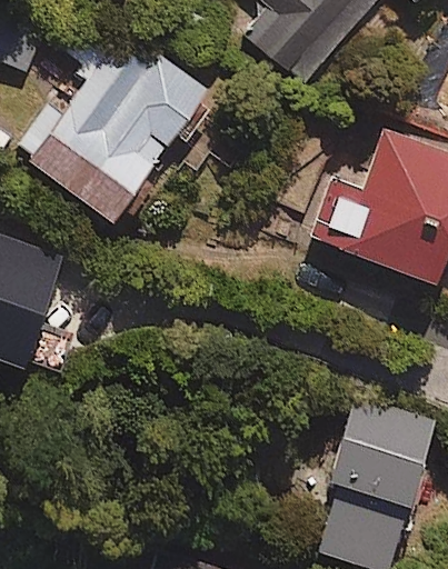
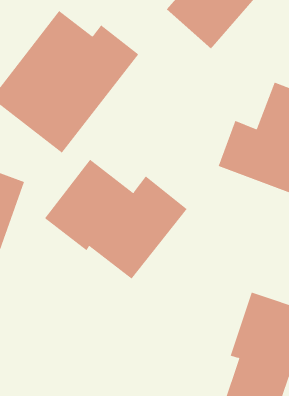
building: none -> [44,159,188,279]

